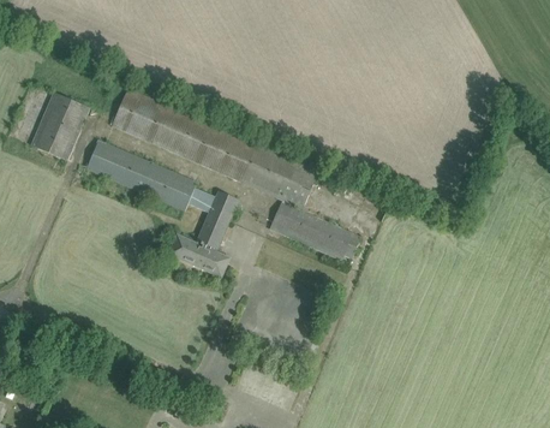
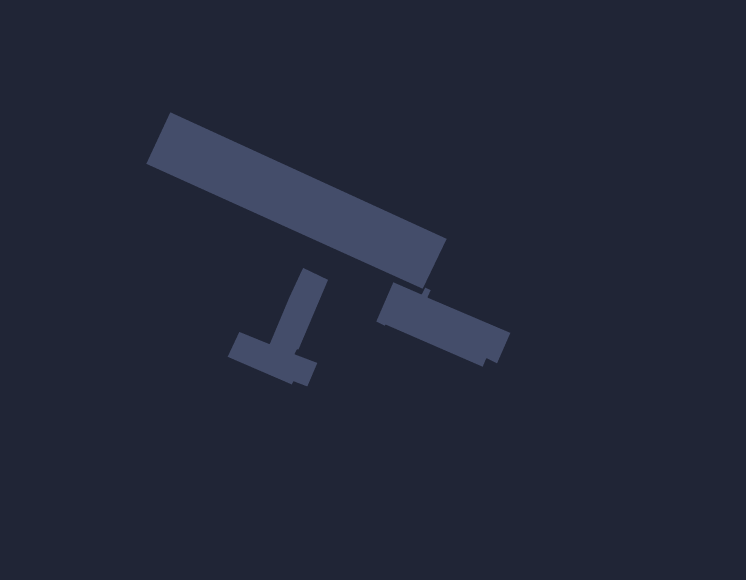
building: [29,93,88,161] -> none
building: [85,137,215,213] -> none

